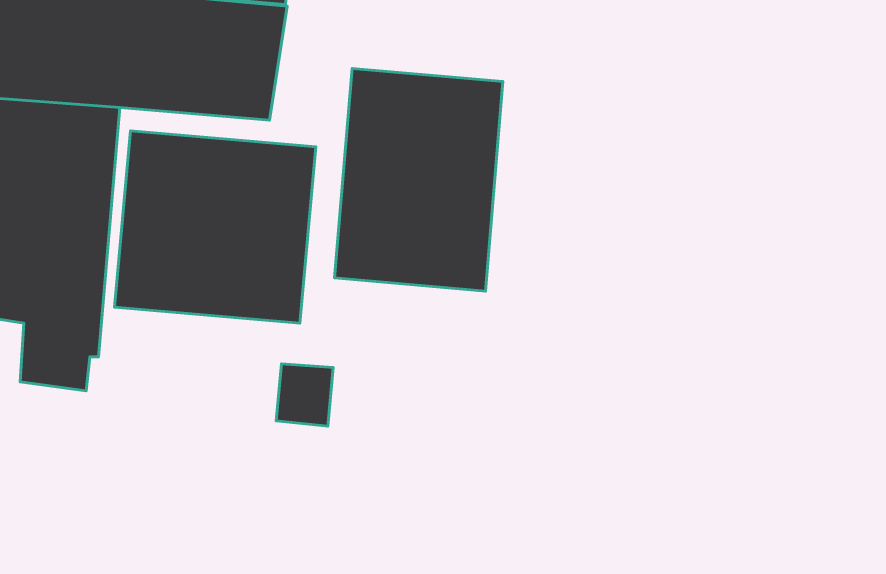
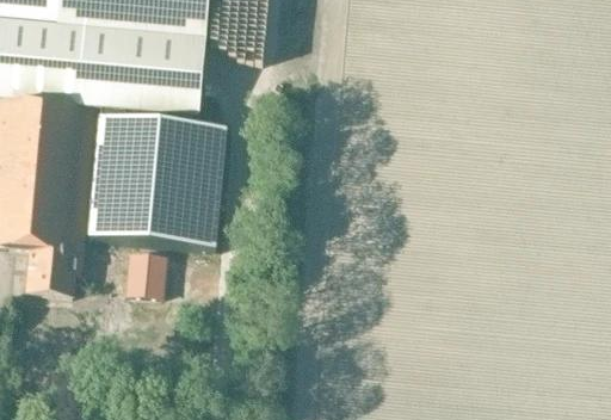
building: [335,68,503,291] -> none
building: [276,364,333,426] -> [128,247,166,289]

